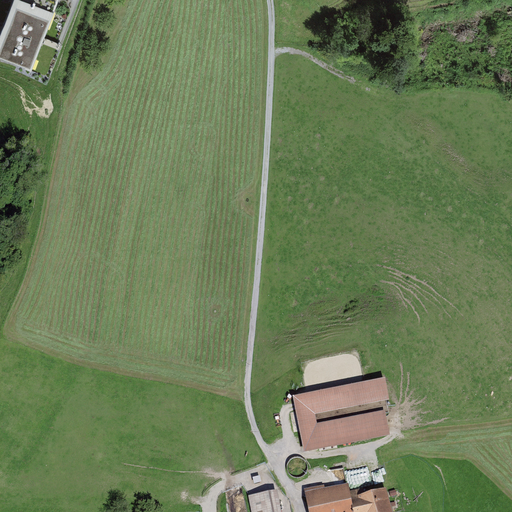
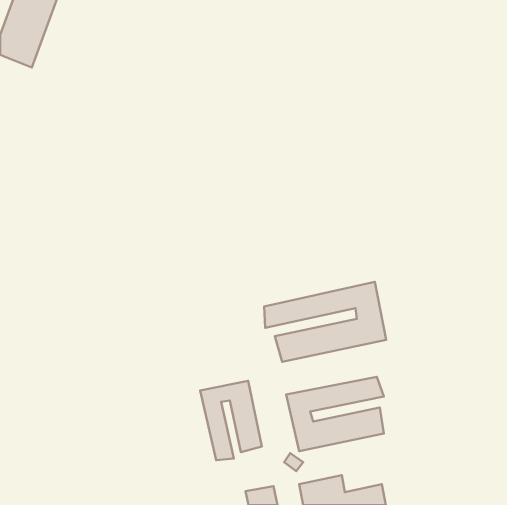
building: none -> [264,282,386,362]
building: none -> [200,381,262,460]

